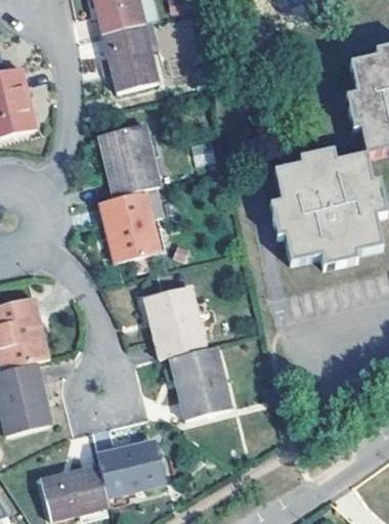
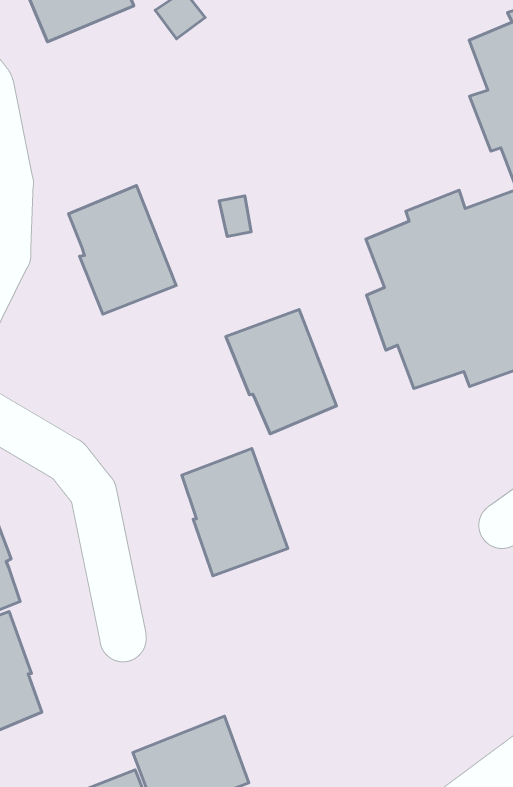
building: [100,21,158,90] -> none
building: [100,190,160,261] -> [226,309,337,434]
building: [173,347,230,419] -> none

